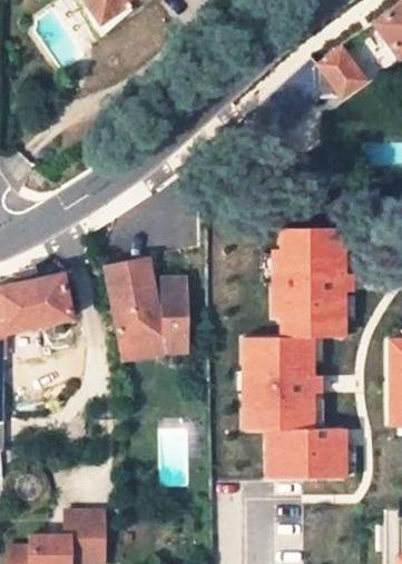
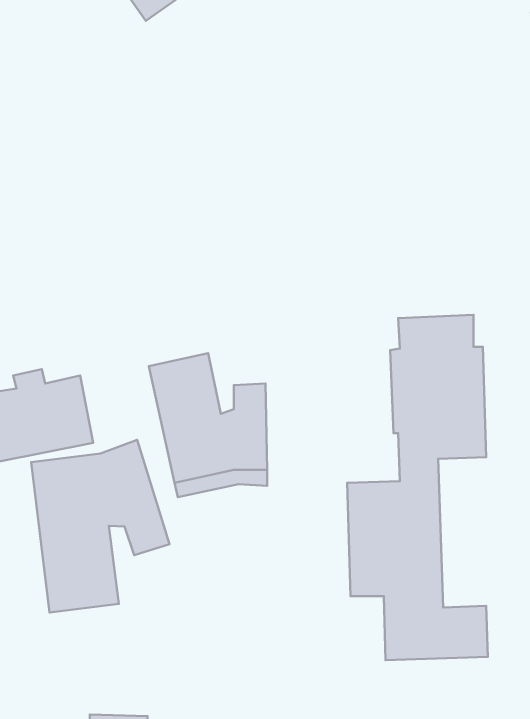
building: [317,48,364,97] -> none
building: none -> [31,440,170,613]

